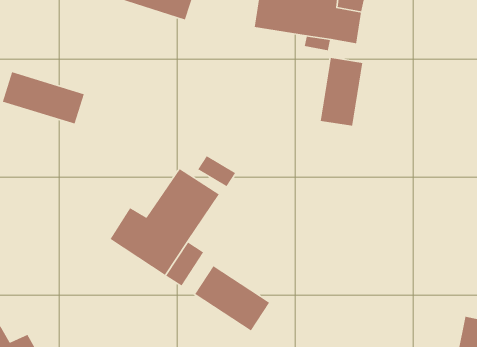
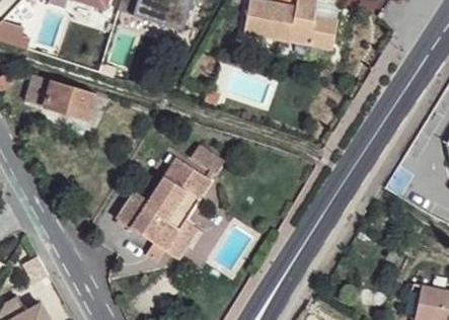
building: [320,57,363,127] -> none
building: [194,265,270,331] -> none

